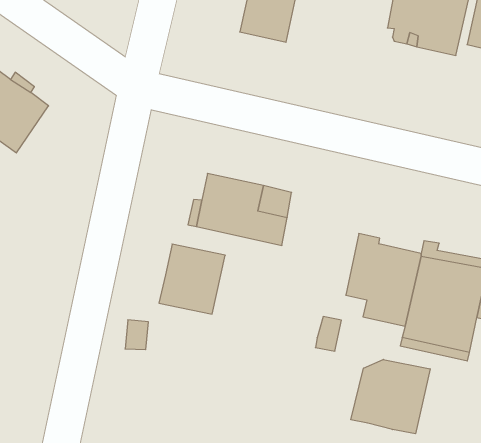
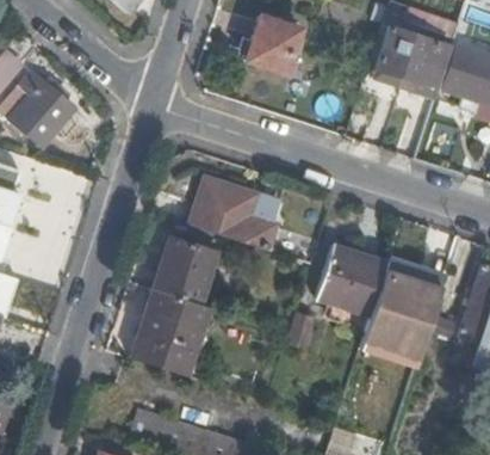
building: none -> [130,288,213,379]
building: [351,359,430,434] -> none

